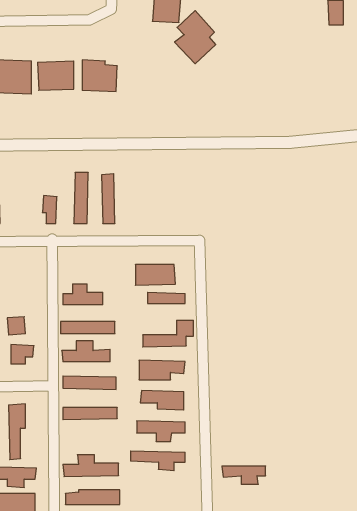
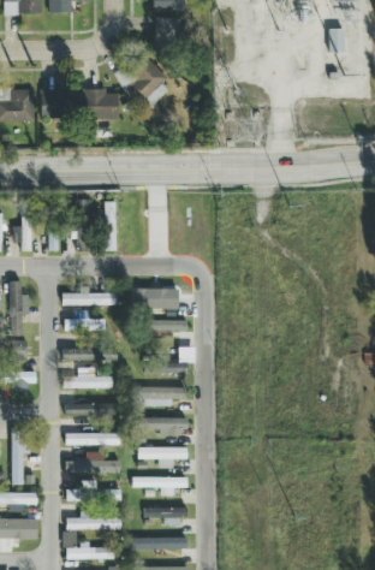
building: [175,11,216,64] -> [127,57,168,109]
building: none -> [13,203,31,250]
building: none -> [10,280,29,325]
building: none -> [63,286,118,305]
building: none -> [65,451,120,473]
building: [222,466,266,484] -> [144,507,188,526]

